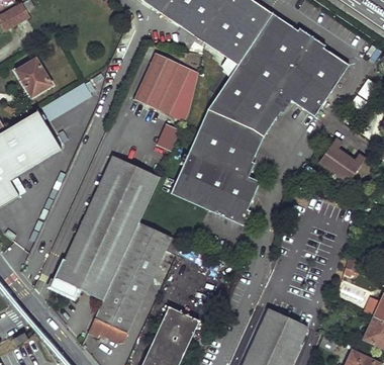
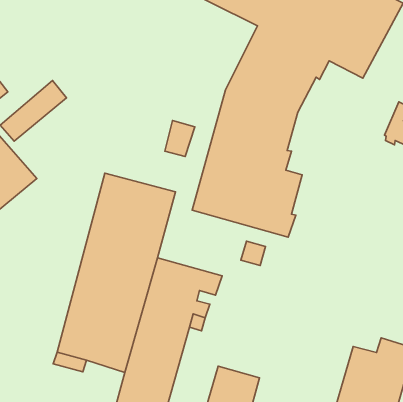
building: [134,53,198,121] -> none

